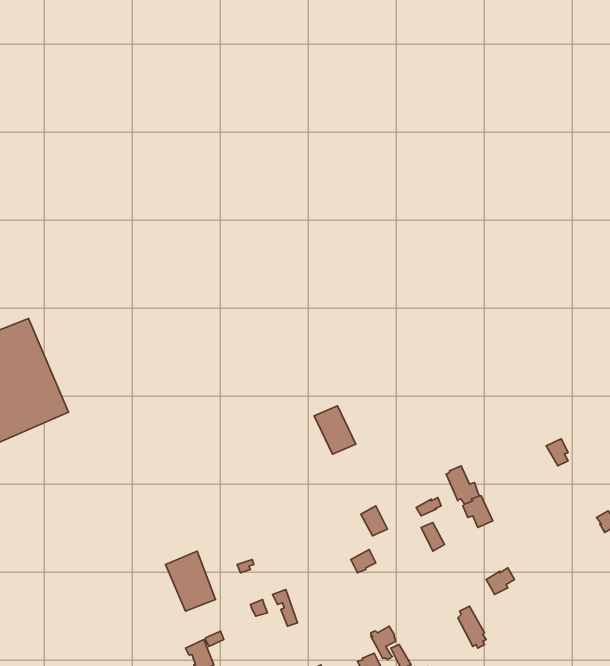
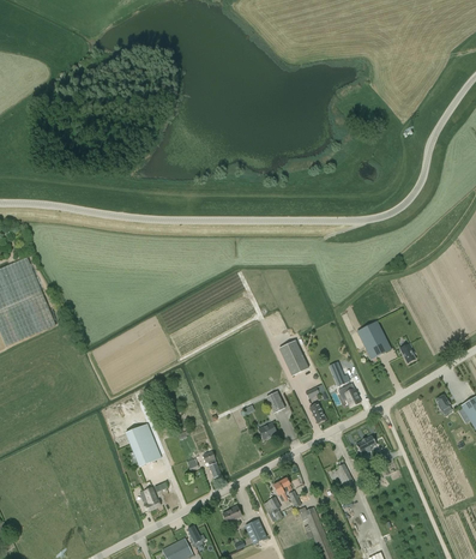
building: [314,406,356,454] -> [278,341,308,375]
building: none -> [357,321,391,359]

